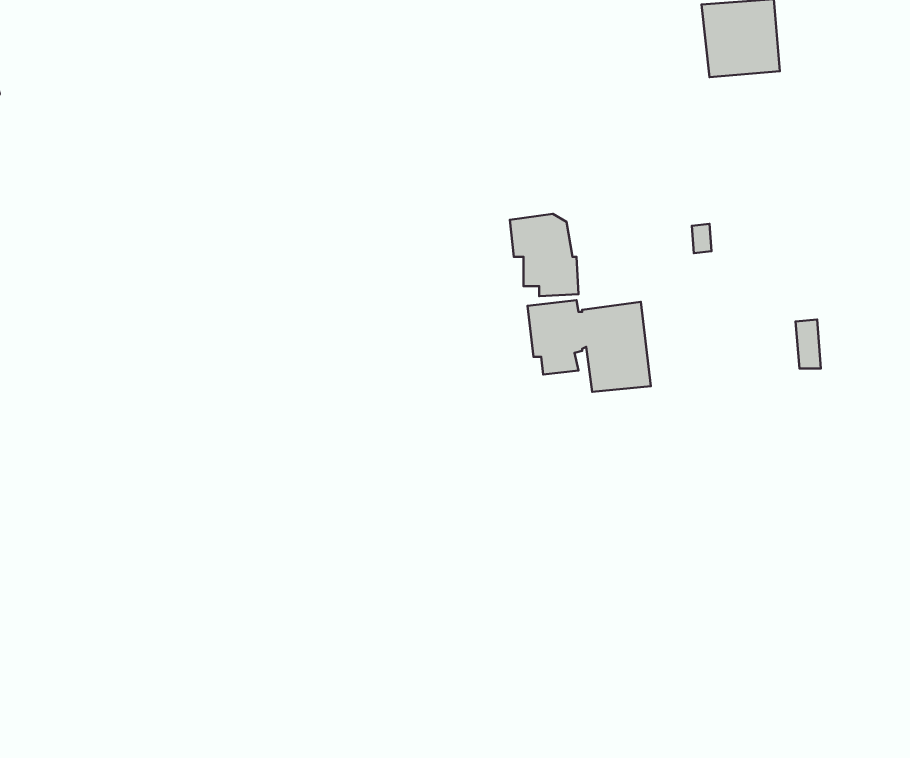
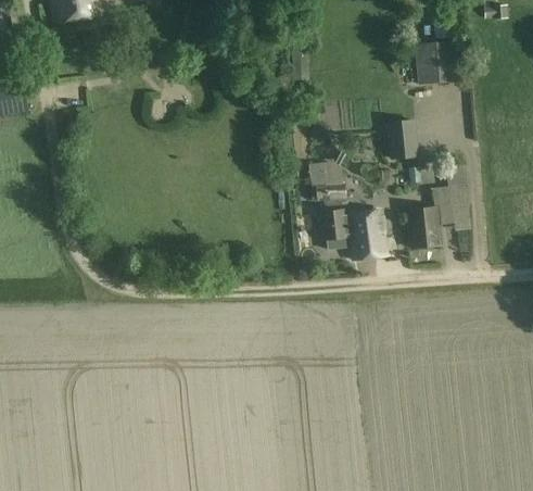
building: none -> [386,118,420,160]
building: none -> [409,163,468,247]

